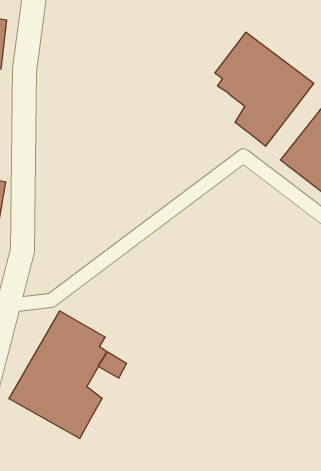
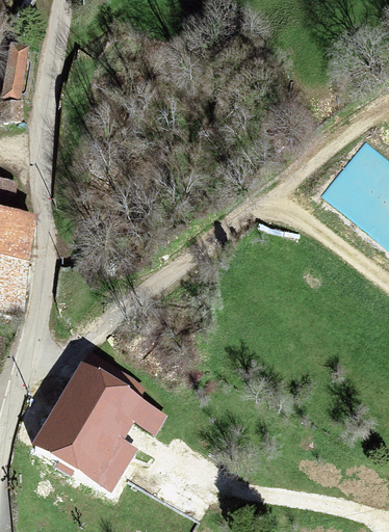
building: [215,32,314,146] -> none

